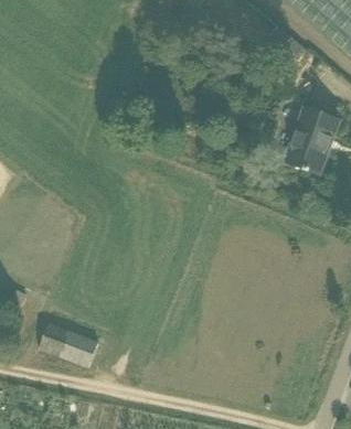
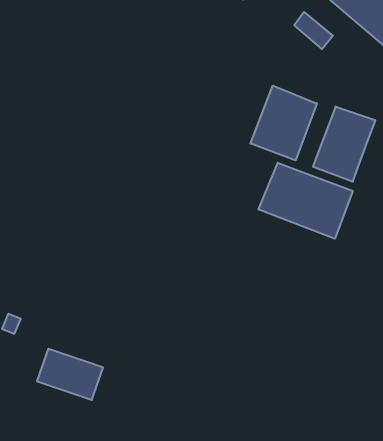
building: none -> [250,86,317,160]
building: none -> [259,163,353,239]

